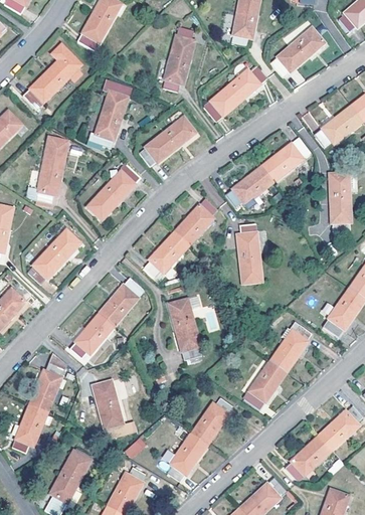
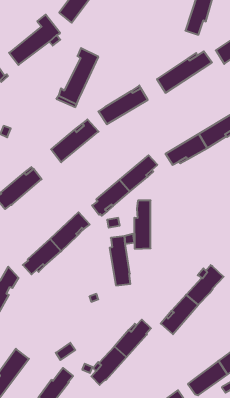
building: [163,26,195,91] -> none
building: [37,137,68,203] -> none
building: [238,222,262,283] -> [134,200,151,249]
building: [96,380,127,439] -> none

